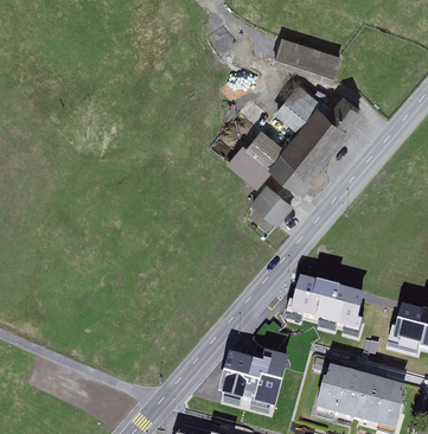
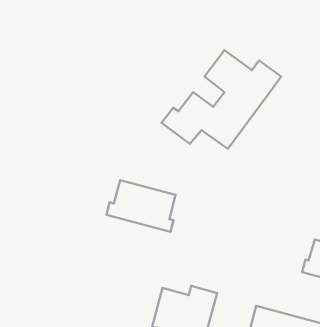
building: [272,32,340,79] -> none
building: [249,181,293,223] -> none
building: [282,264,360,323] -> [106,180,176,232]

